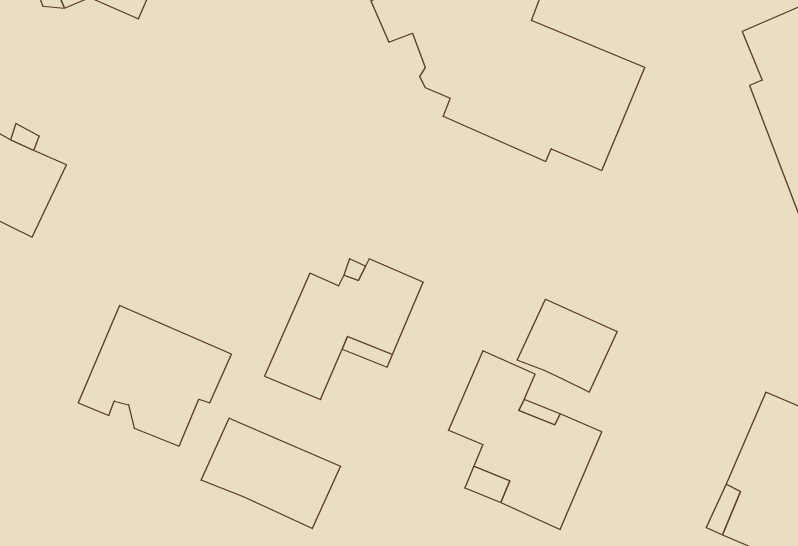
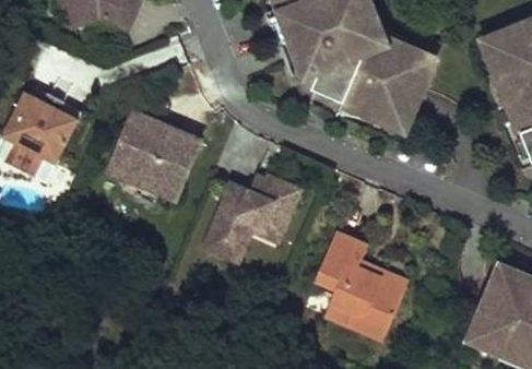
building: [517,299,617,392] -> none
building: [78,305,231,446] -> [107,114,200,199]
building: [201,418,340,529] -> none

